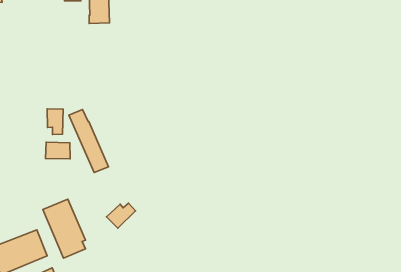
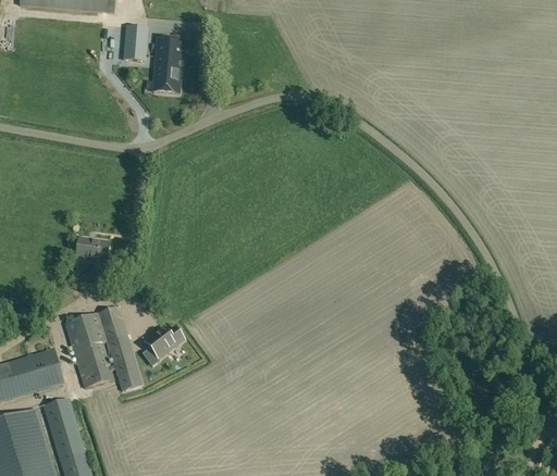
building: [47,109,63,134] -> none
building: [69,110,109,173] -> [98,308,141,390]

